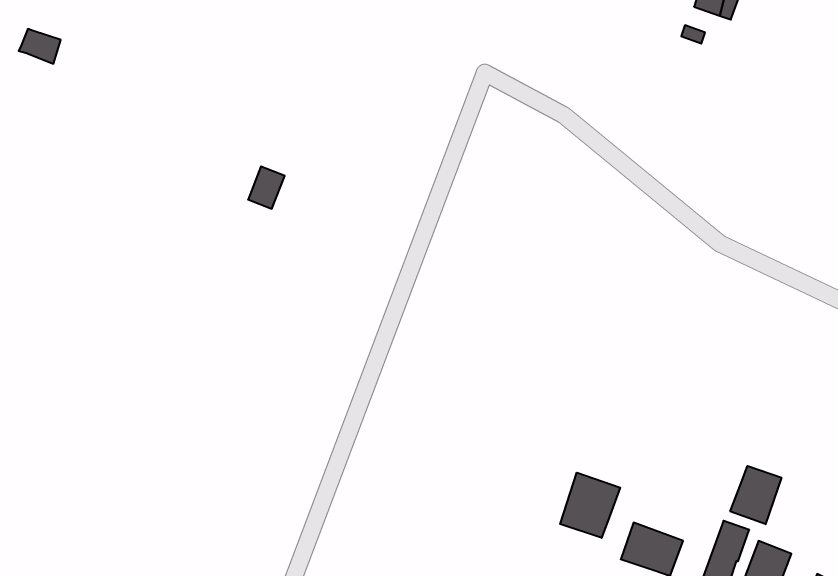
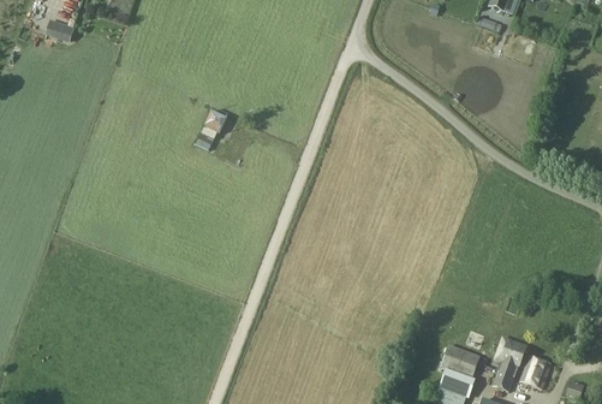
building: [730,466,781,524] -> none
building: [560,473,620,538] -> none

